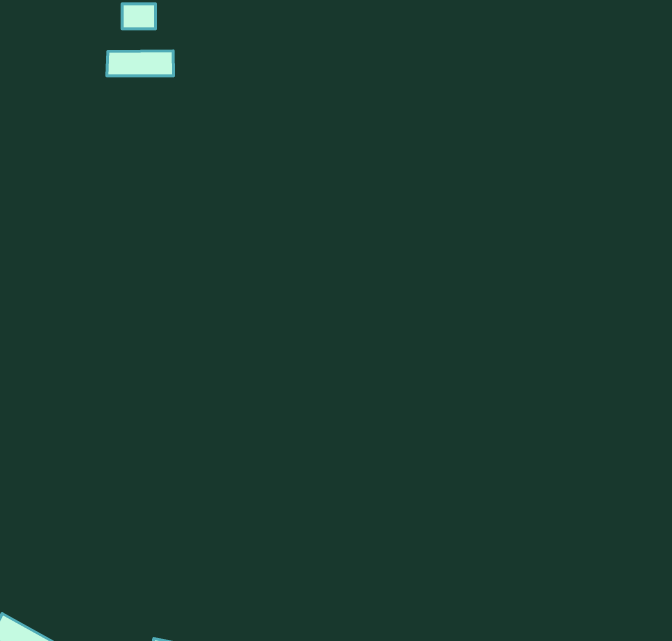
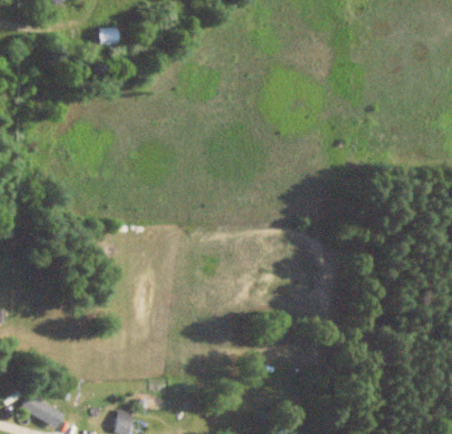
building: [107,51,173,76] -> none

